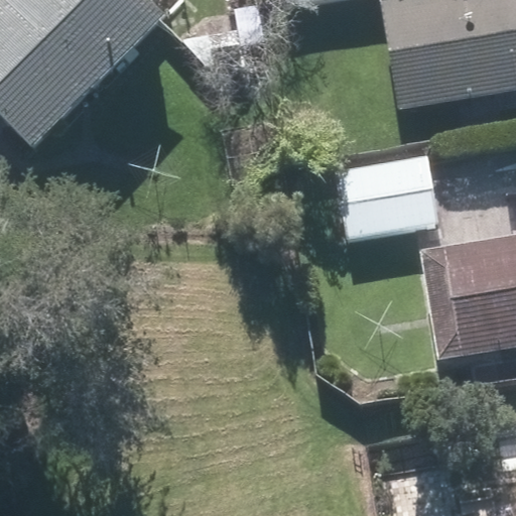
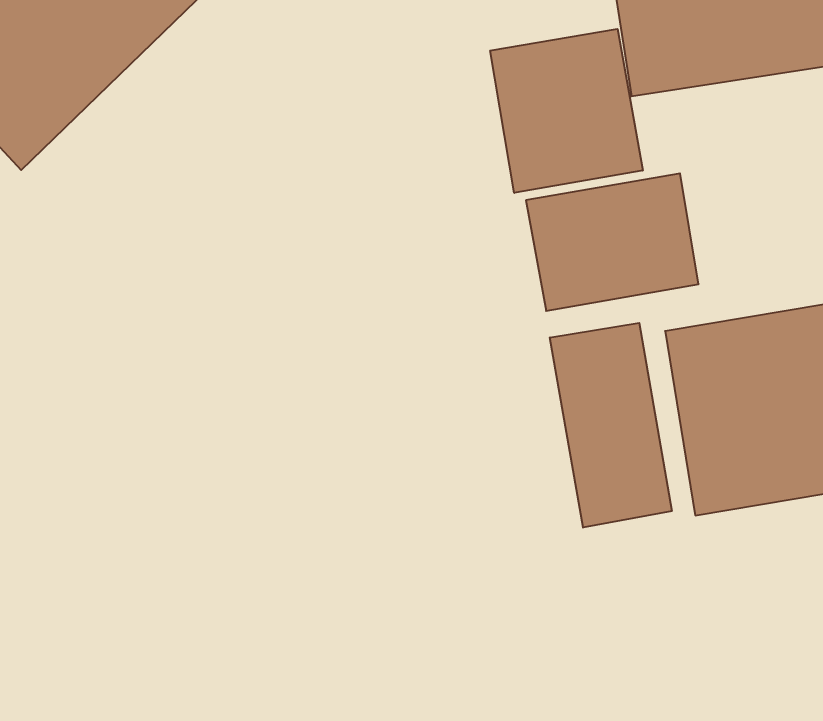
building: none -> [490,29,643,193]
building: none -> [550,323,672,528]

